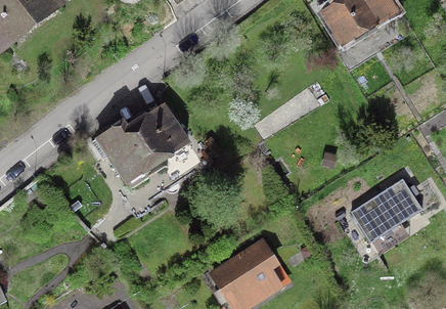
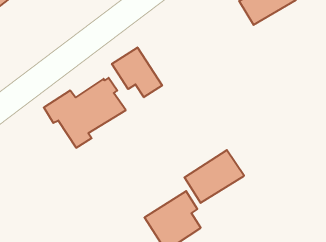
building: none -> [112,47,162,97]
building: [351,179,422,242] -> [184,150,244,203]

